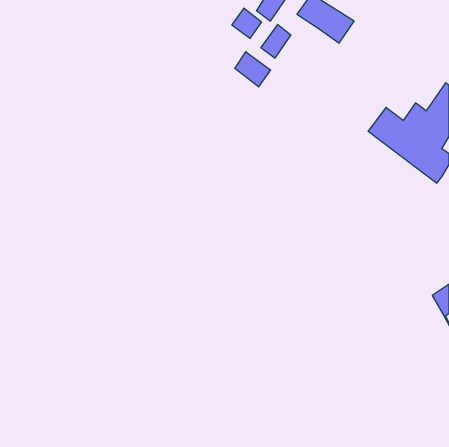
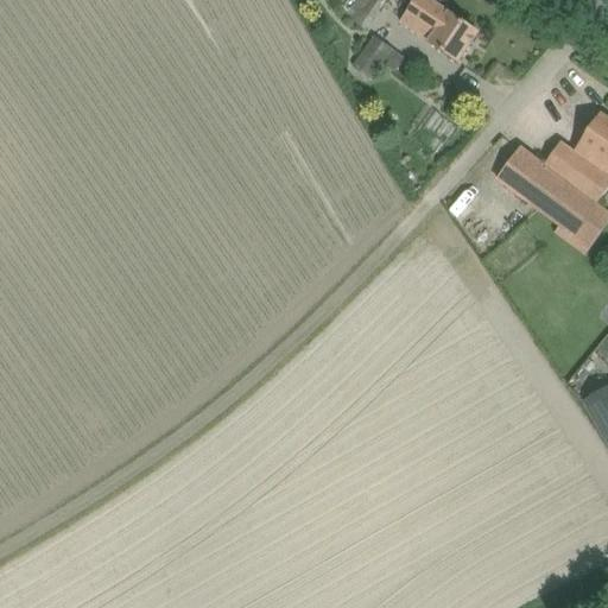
building: [232,8,261,38] -> none
building: [235,52,271,87] -> none

